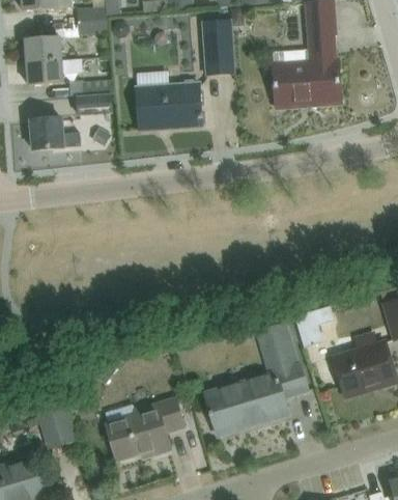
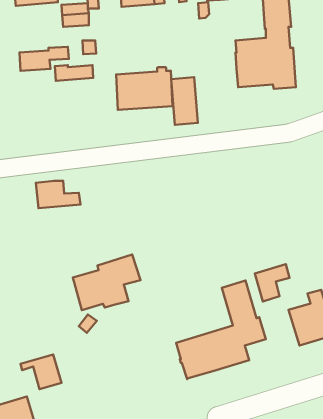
building: [201,21,231,75] -> [171,77,198,125]
building: [25,36,60,63] -> none
building: [76,96,109,115] -> none
building: [30,118,81,149] -> [36,181,81,208]
building: [107,396,183,460] -> [73,255,140,310]

